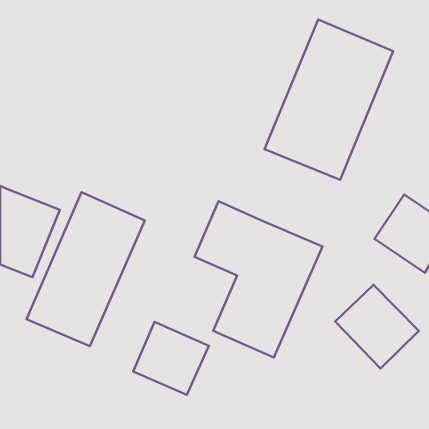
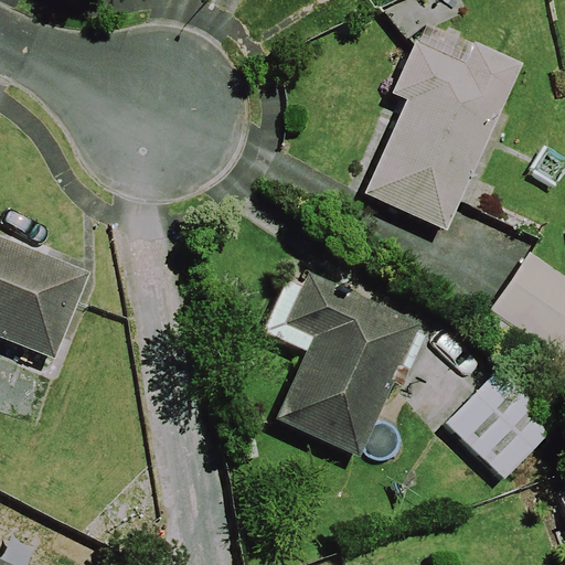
building: [26,192,145,346] -> none
building: [133,322,209,395] -> none

